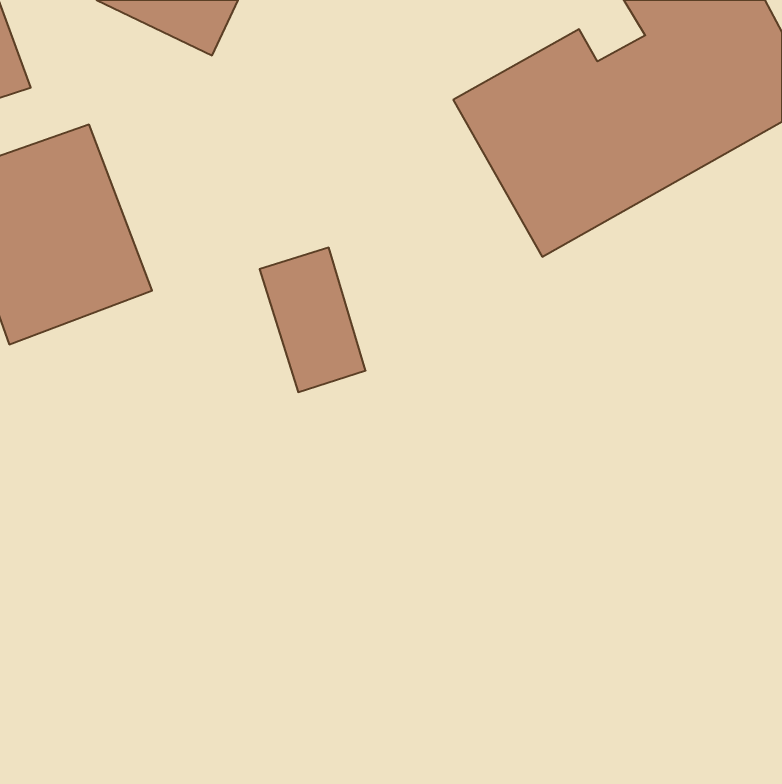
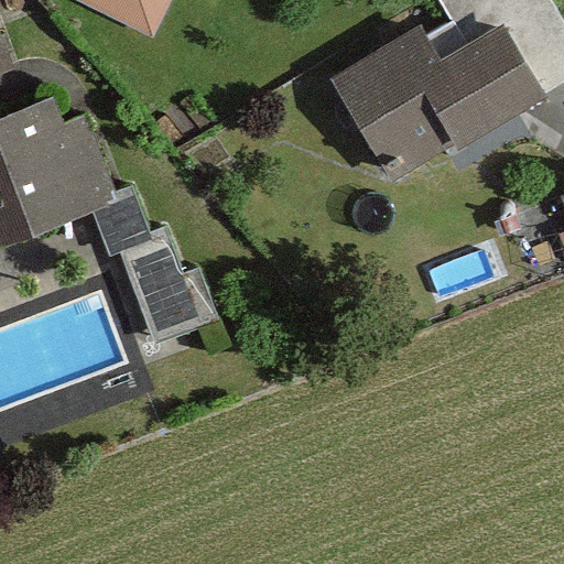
building: [260,248,366,392] -> [126,226,202,329]

